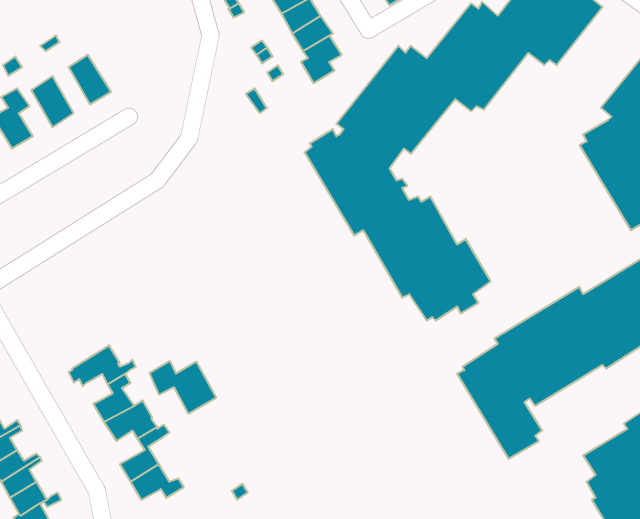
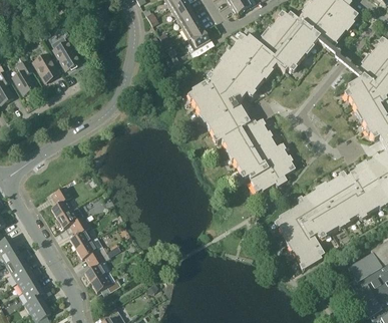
building: none -> [51,186,73,219]
building: [149,361,216,414] -> none

